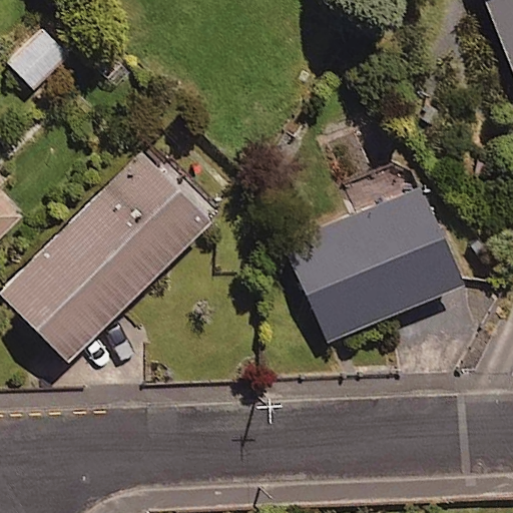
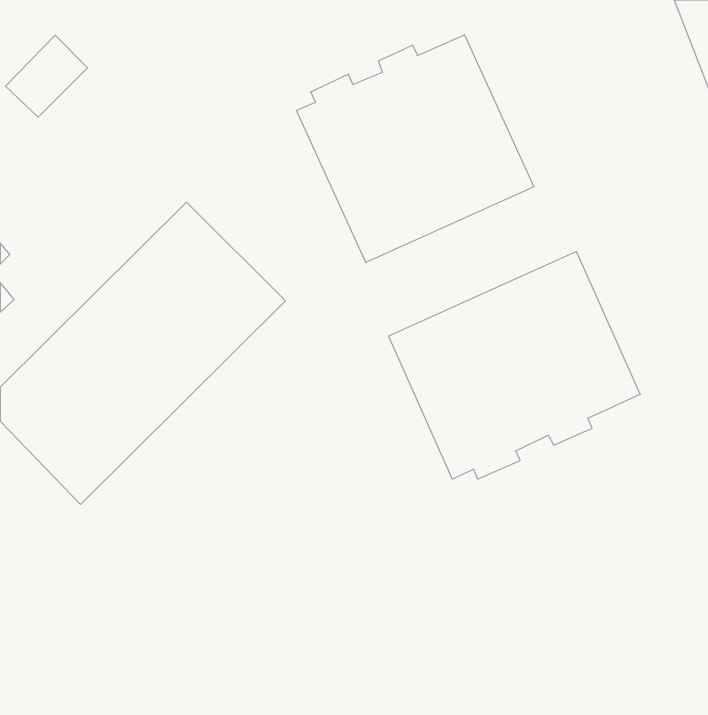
building: none -> [296,35,534,263]

